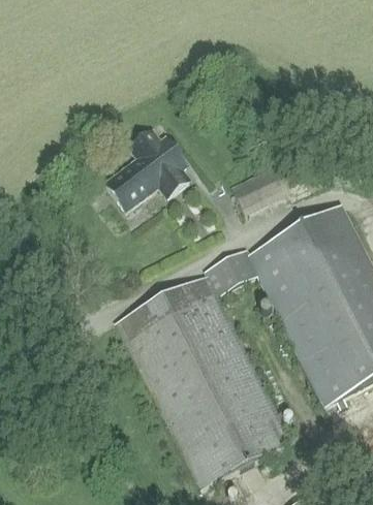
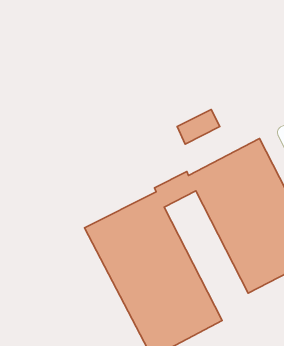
building: [104,129,188,209] -> none

